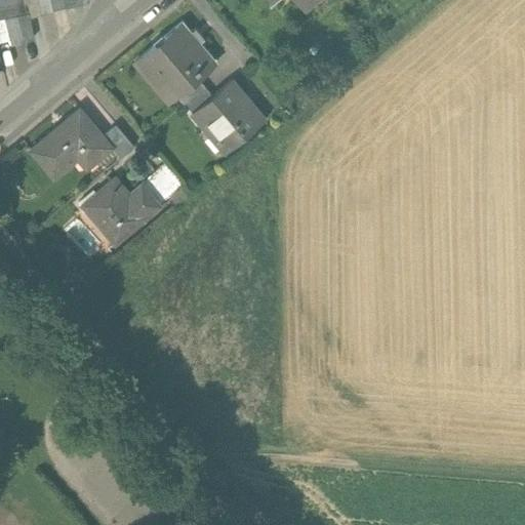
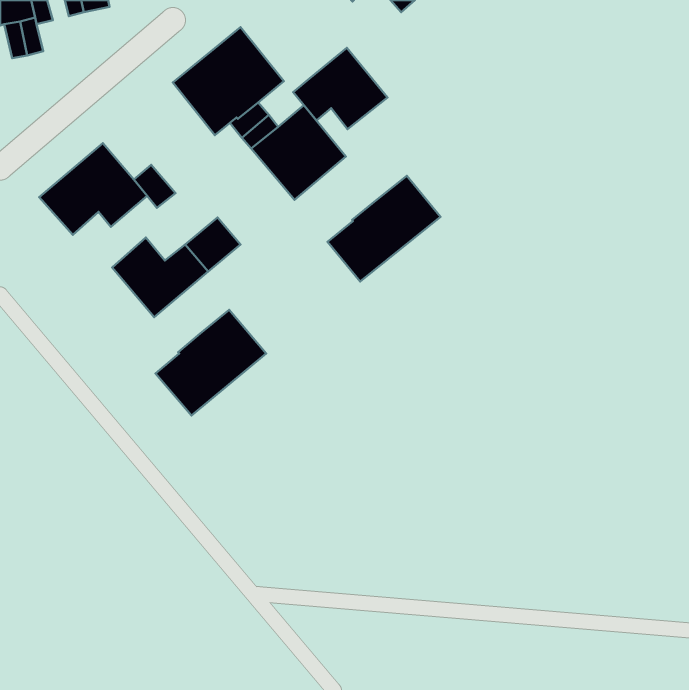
building: none -> [293,48,388,129]
building: none -> [327,176,441,282]
building: none -> [155,310,266,416]

